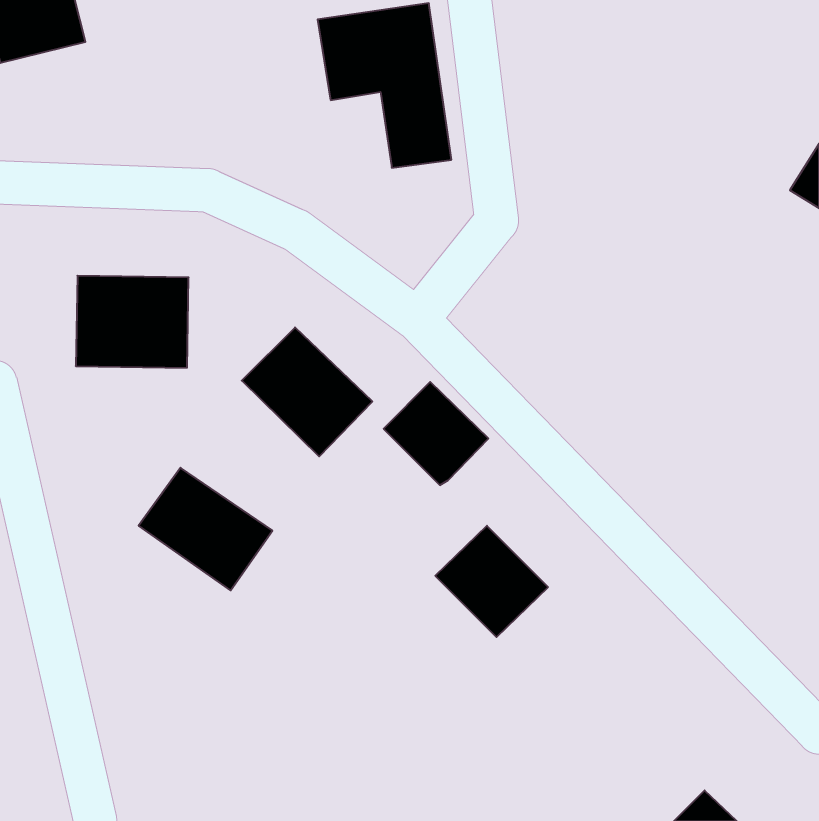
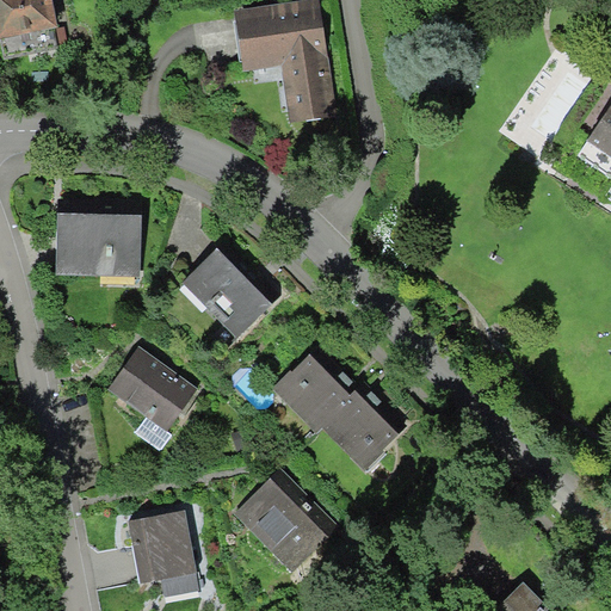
building: [384,382,488,485] -> [274,353,352,430]
building: none -> [234,473,341,579]
building: none -> [146,512,200,597]

